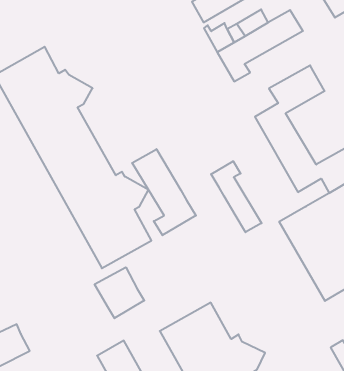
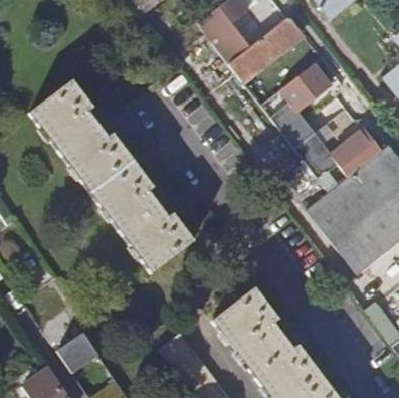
building: [132,149,196,235] -> none
building: [211,161,262,232] -> none
building: [95,267,144,318] -> none

